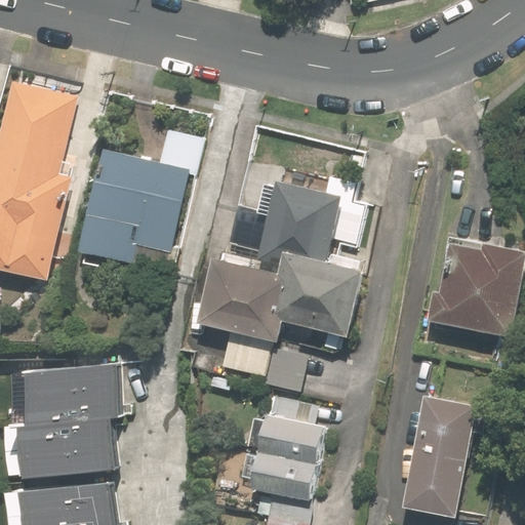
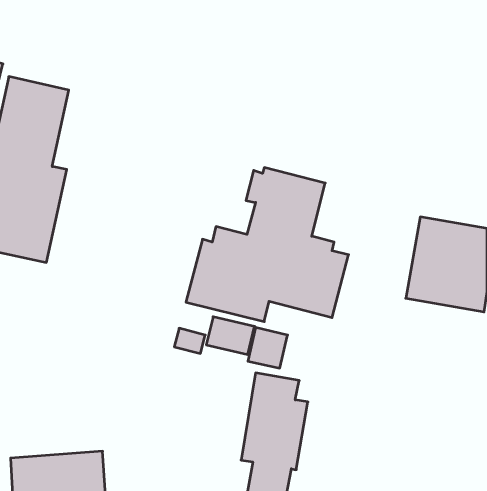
building: [79,129,204,283] -> none
building: [12,362,119,474] -> none
building: [403,395,479,518] -> none

